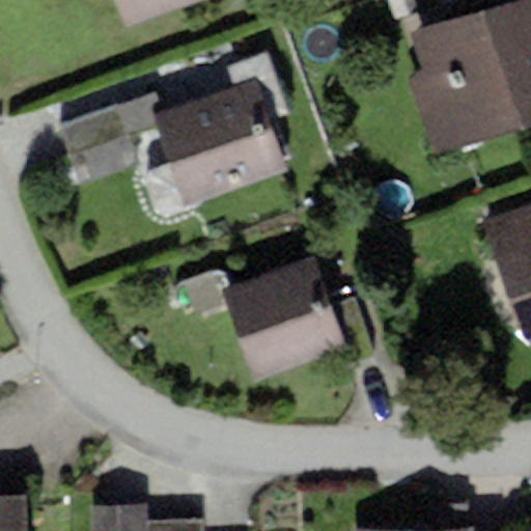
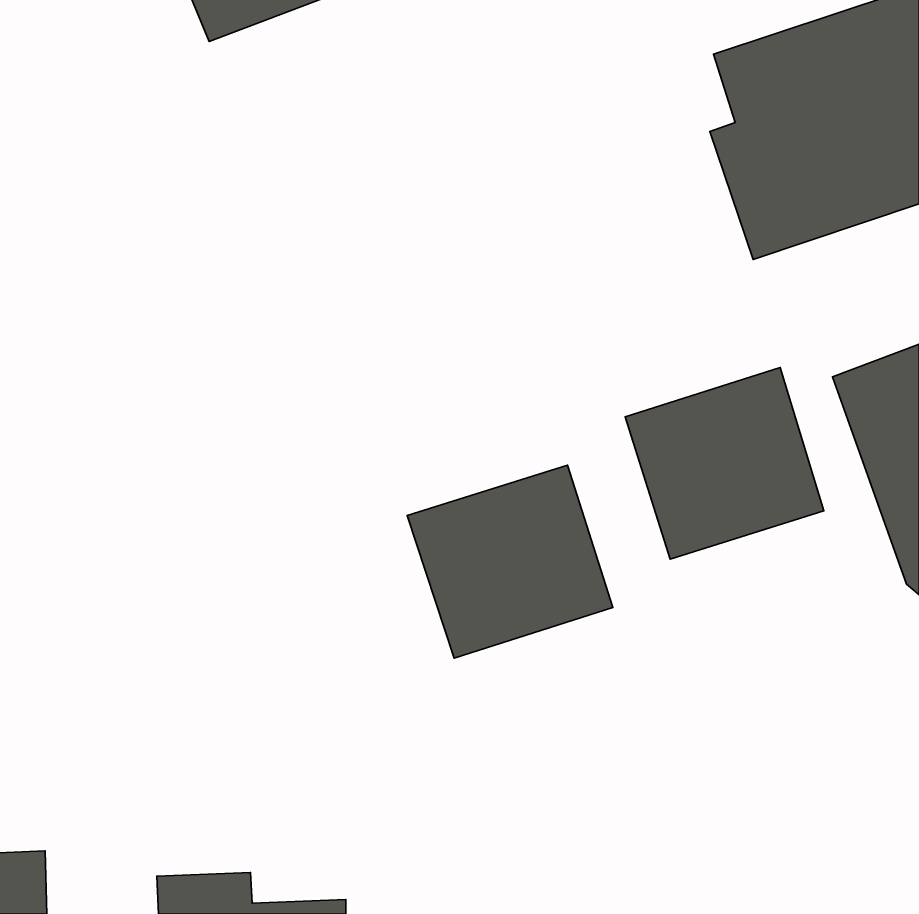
building: [163,99,290,209] -> none
building: none -> [625,368,824,559]

